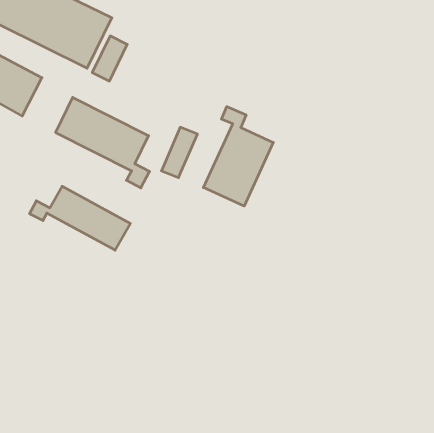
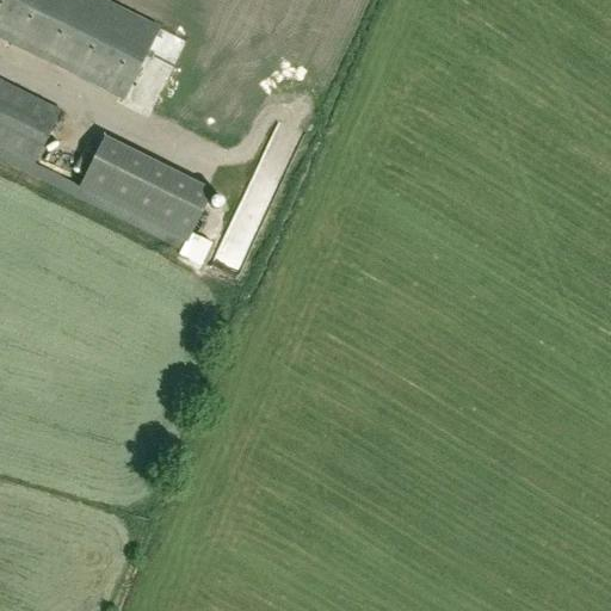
building: [203,107,273,206] -> none
building: [30,186,130,250] -> none

